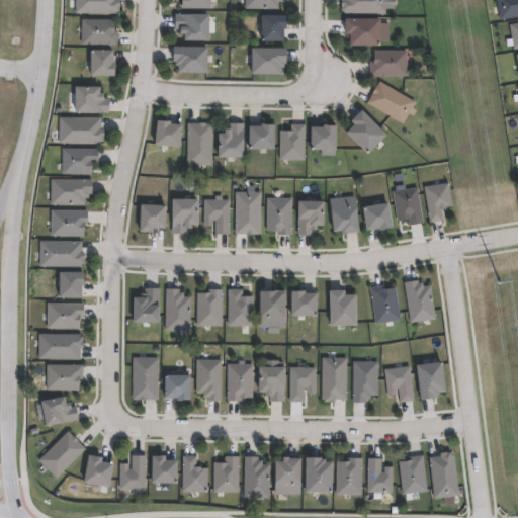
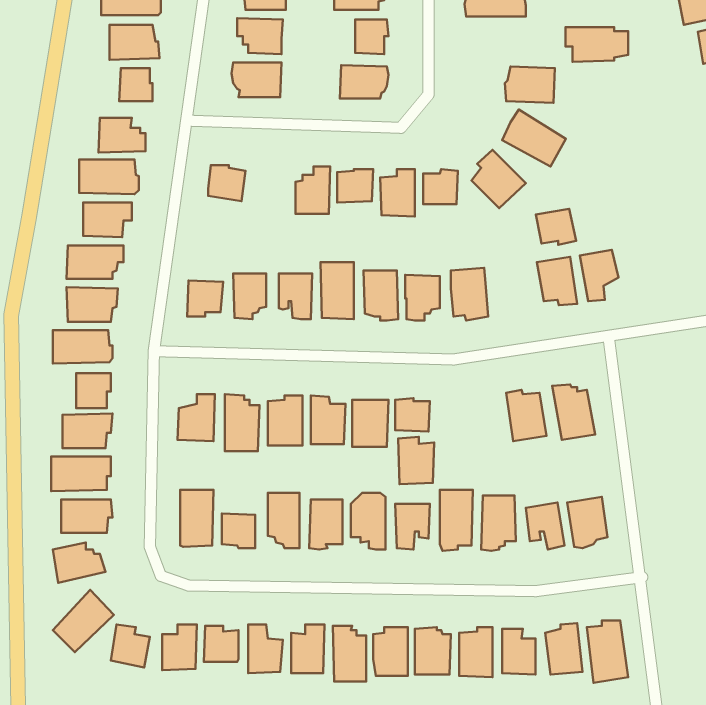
building: [344,18,390,44] -> [566,27,628,62]
building: [187,122,211,163] -> none
building: [363,203,393,230] -> [536,209,576,245]
building: [329,290,355,325] -> [398,437,434,484]

